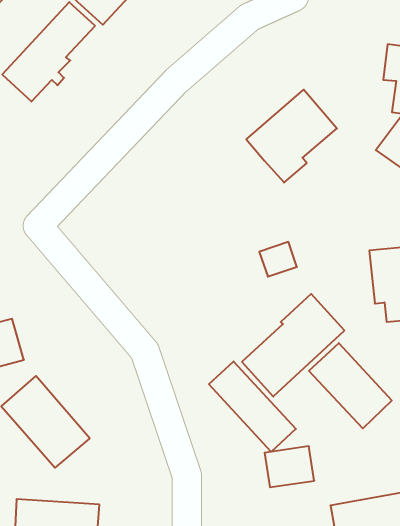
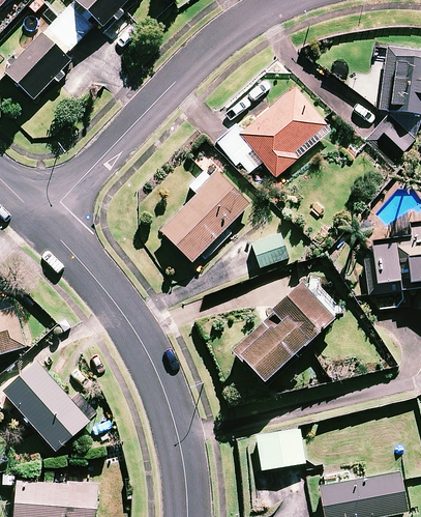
building: none -> [160,167,255,261]
building: [309,343,392,428] -> none
building: [209,361,296,452] -> none

